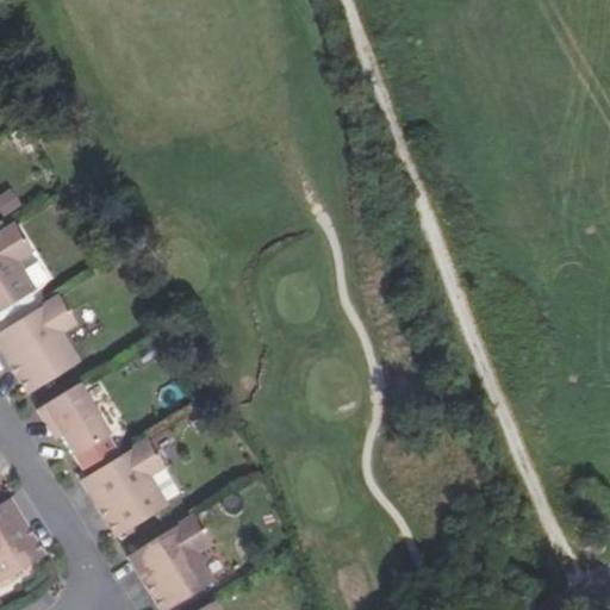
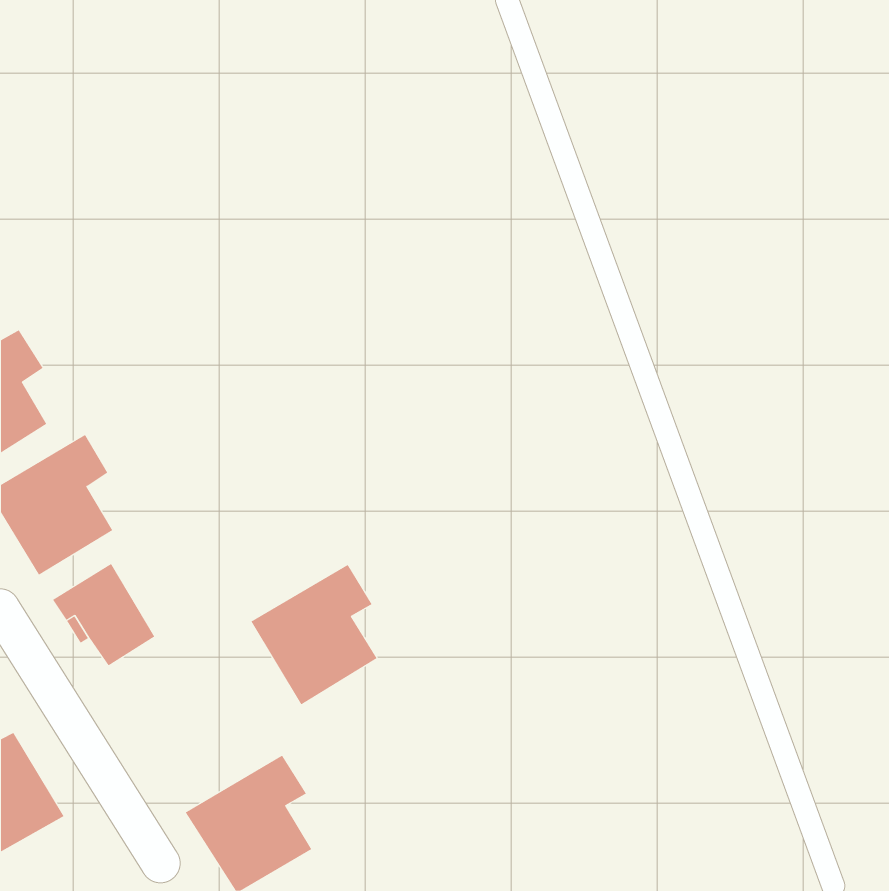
building: [81,440,168,536] -> [250,564,378,705]

